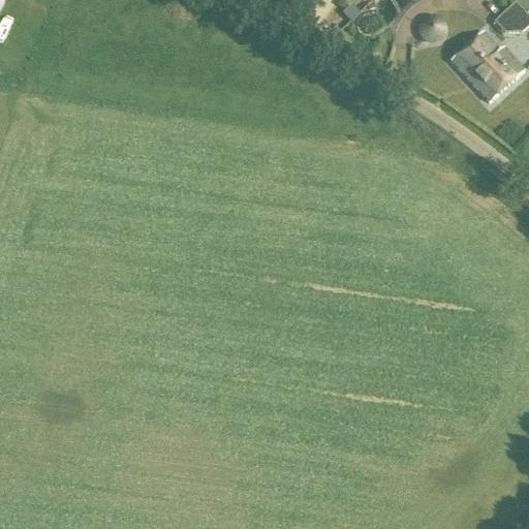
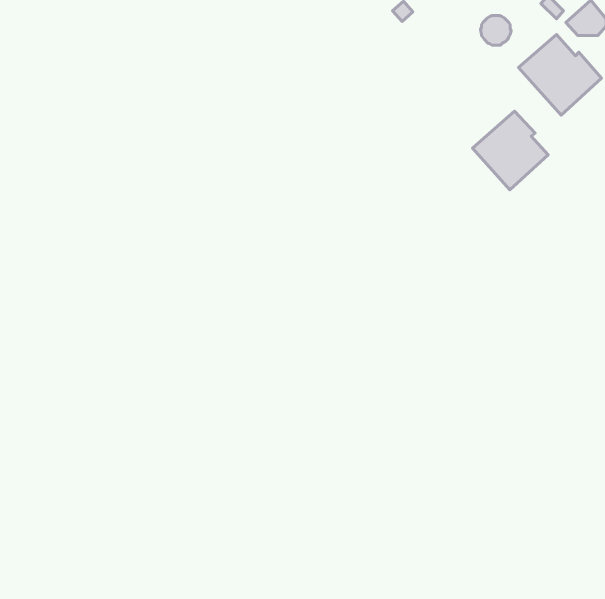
building: none -> [472,111,548,190]

